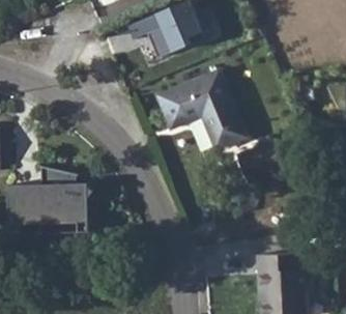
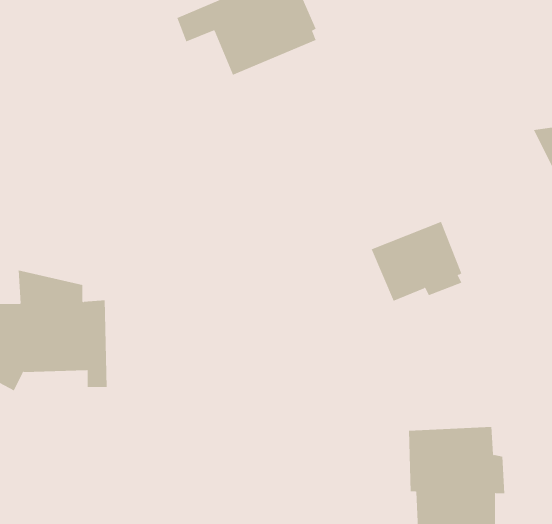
building: [156,70,247,149] -> none

